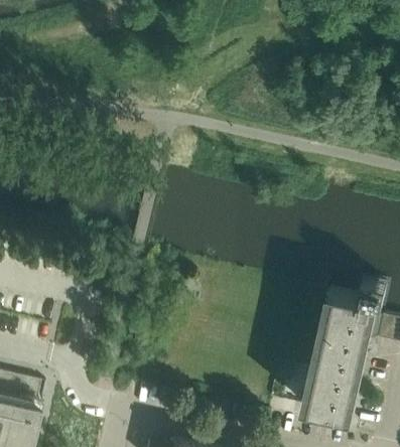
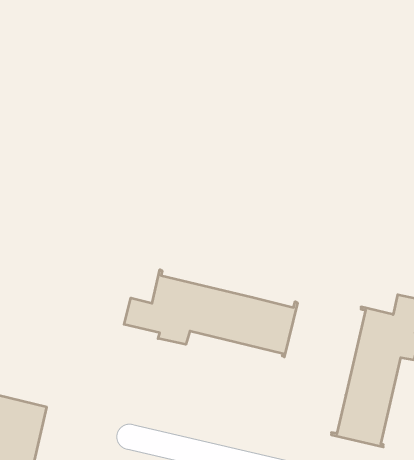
building: none -> [124,270,297,357]

